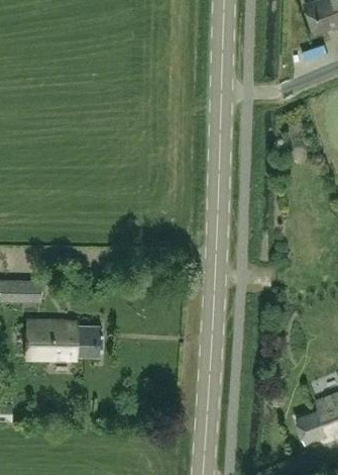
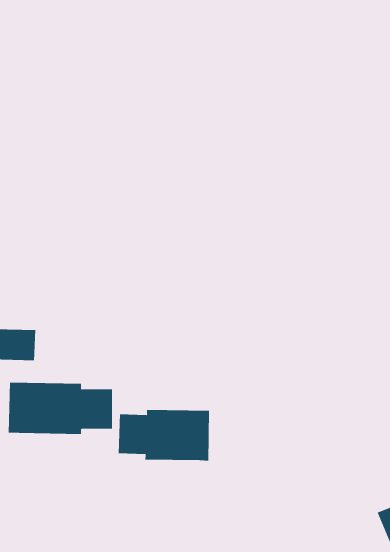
building: none -> [118,409,210,461]

